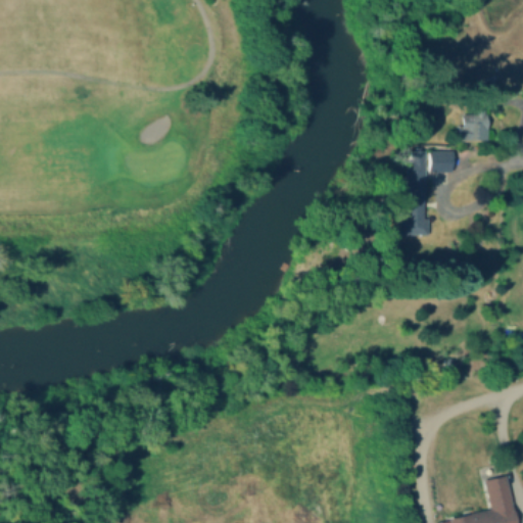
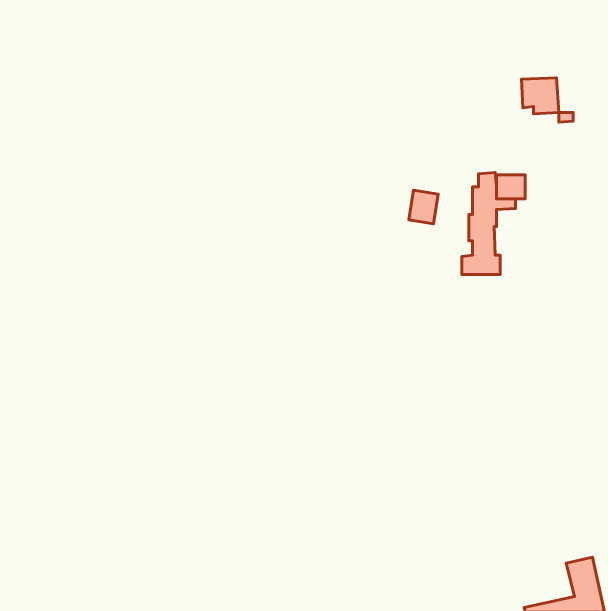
building: [460,114,491,145] -> [522,78,559,114]
building: none -> [409,190,438,224]

